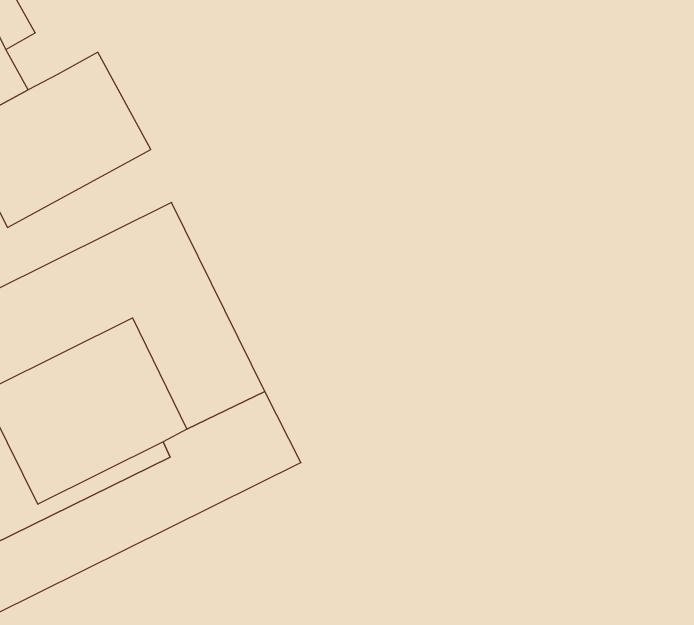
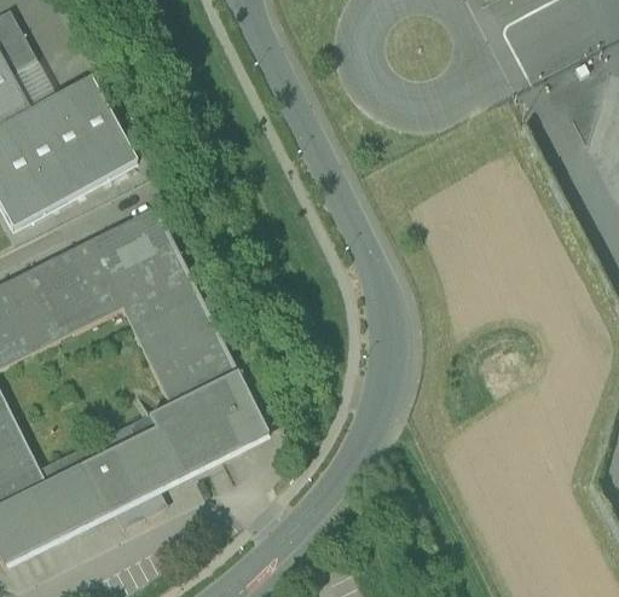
building: none -> [12,60,57,110]

